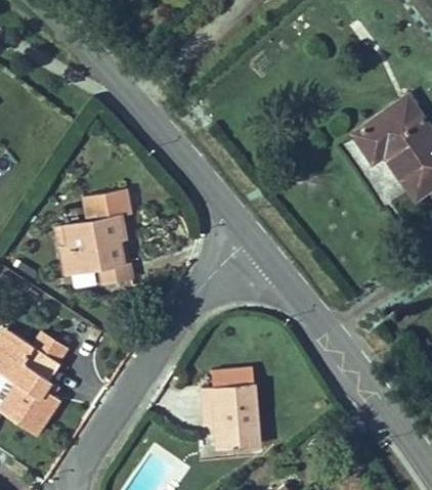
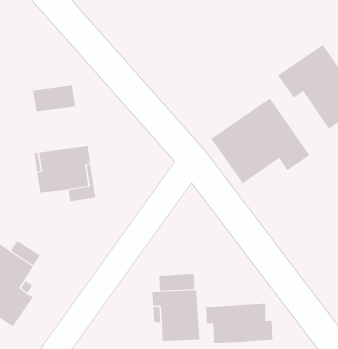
building: none -> [211,98,310,184]
building: [82,189,134,222] -> [32,85,76,112]
building: none -> [205,303,273,344]

